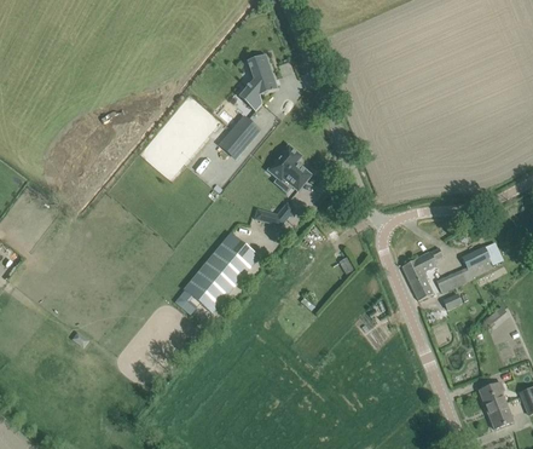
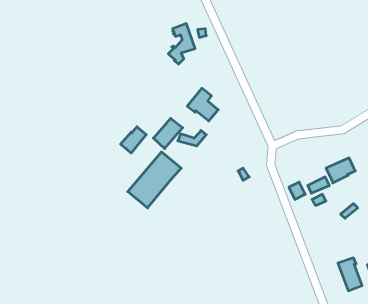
building: [218,116,259,159] -> [153,118,183,149]
building: none -> [121,127,146,153]
building: [400,247,441,283] -> none

